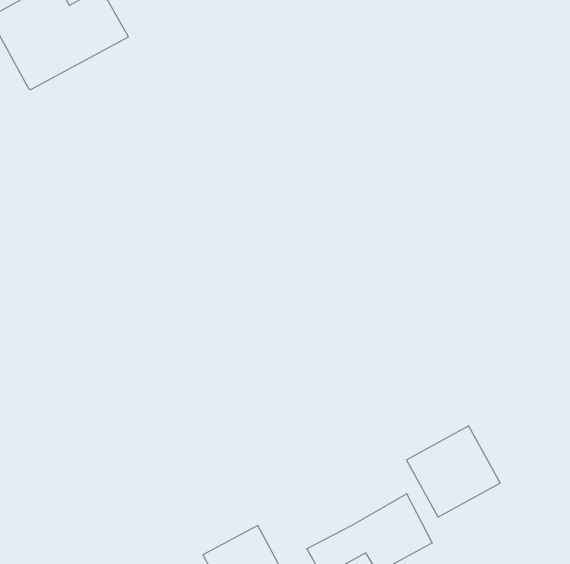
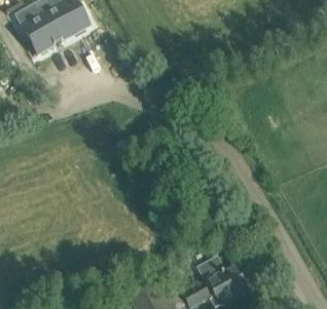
building: [407,426,500,517] -> none

